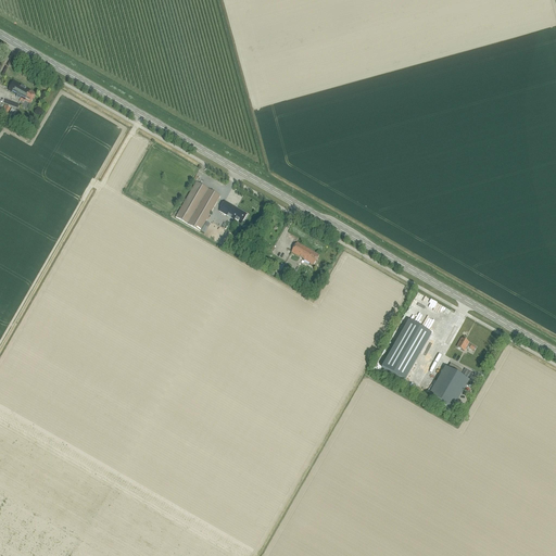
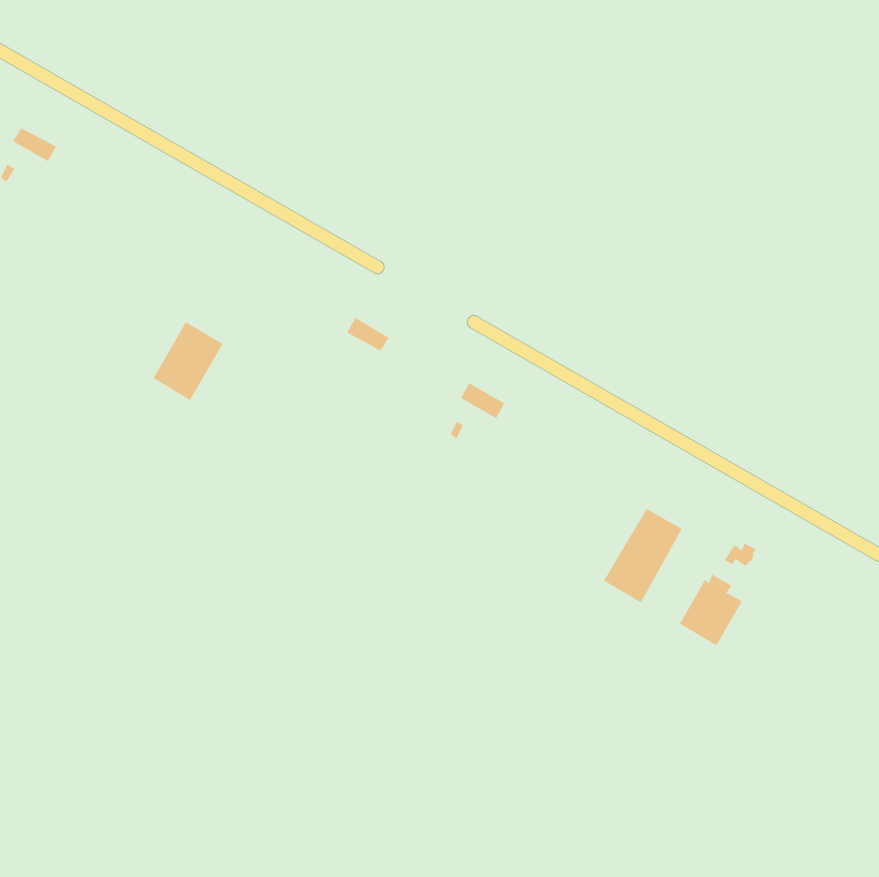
building: [175,180,219,230] -> [153,321,223,401]

